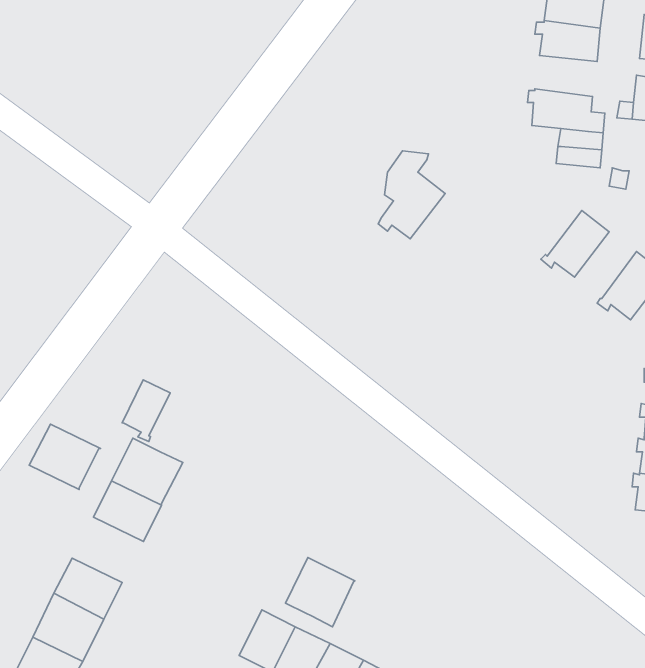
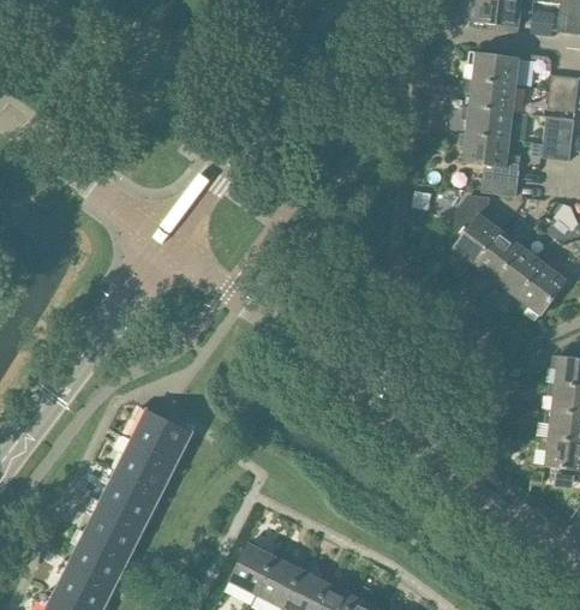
building: none -> [464,107,515,139]
building: [378,151,445,239] -> [450,196,503,265]
building: none -> [494,246,546,299]
building: [122,380,170,441] -> none
building: [29,424,101,489] -> [100,472,156,524]
building: [286,557,355,627] -> none

